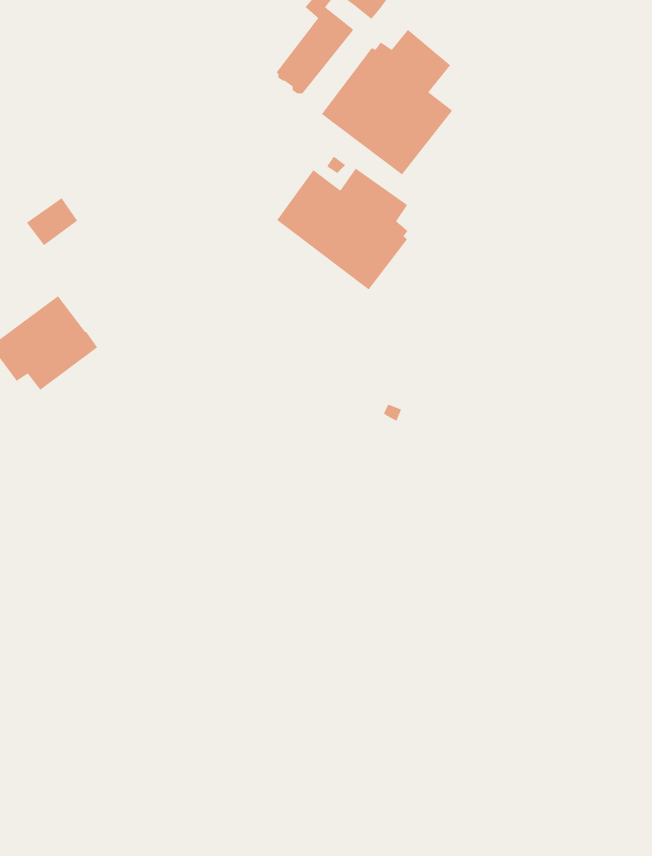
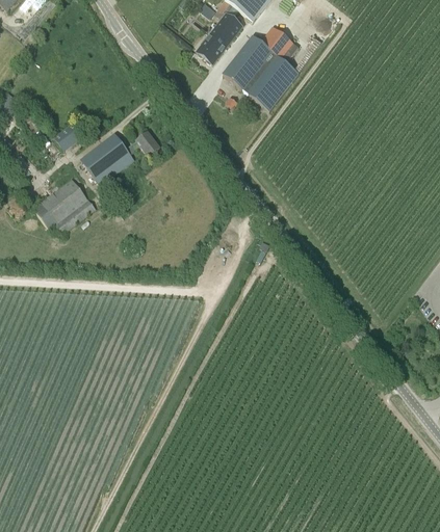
building: [276,168,409,291] -> none
building: none -> [80,132,159,184]

